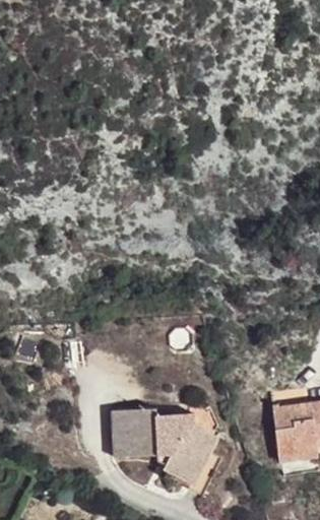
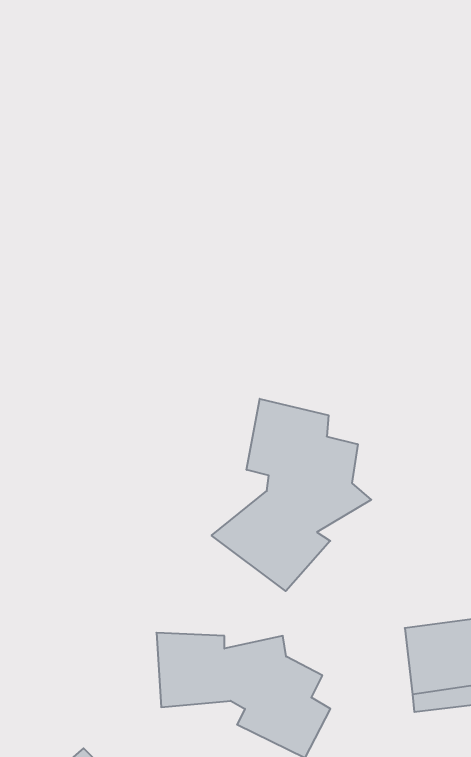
building: none -> [212,399,371,591]

